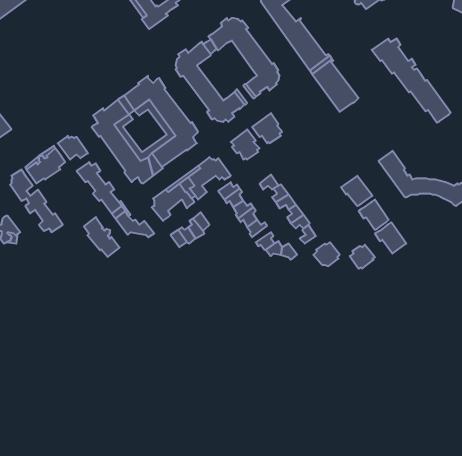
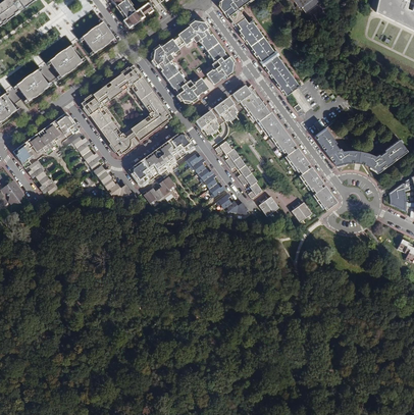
building: none -> [83,20,115,53]
building: [372,39,451,123] -> [231,84,296,152]
building: none -> [50,44,84,76]
building: none -> [16,68,50,100]
building: [84,217,120,257] -> none

